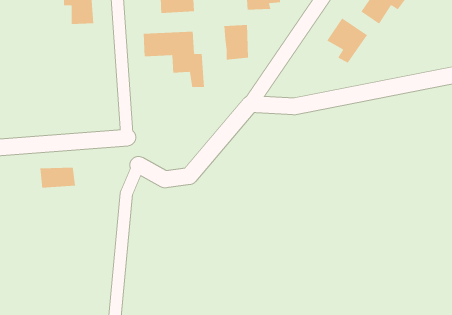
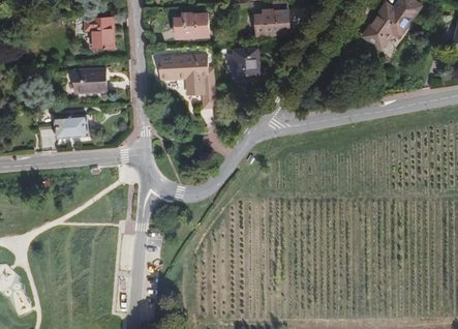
building: [327,17,368,64] -> none
building: none -> [73,70,104,93]
building: [39,167,76,188] -> [54,118,88,138]

